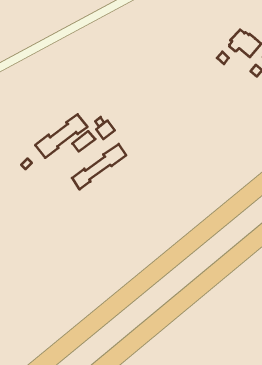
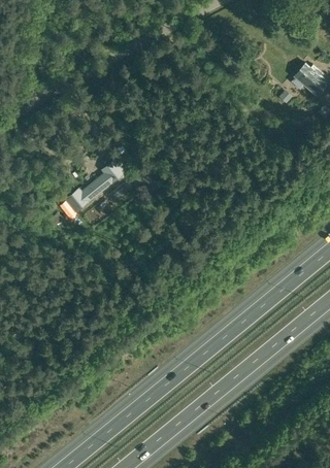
building: [72,144,126,189] -> none

